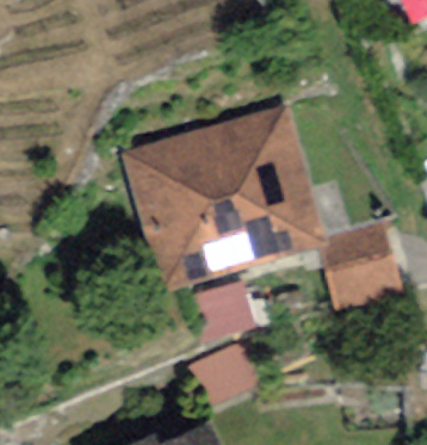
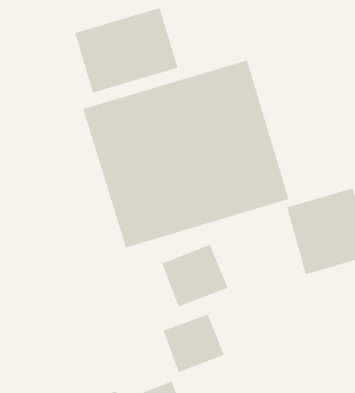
building: none -> [74,7,178,94]

